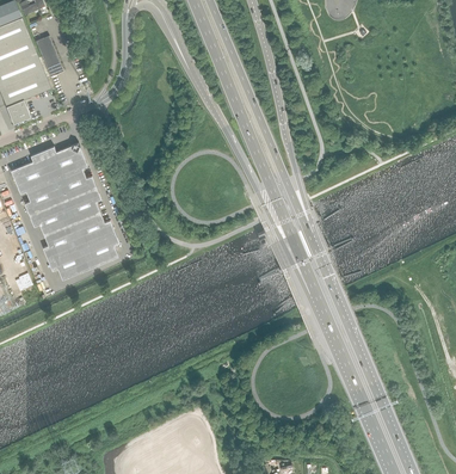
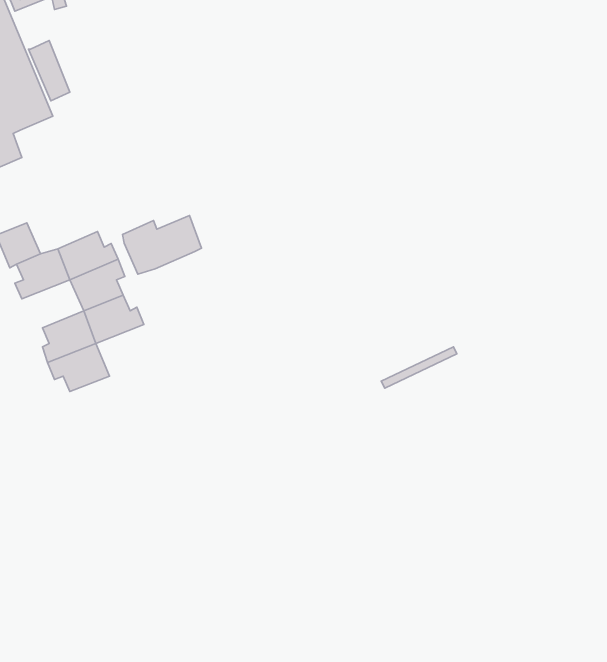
building: [31,142,86,183] -> [123,215,202,274]
building: [29,201,72,234] -> none
building: [80,232,118,267] -> none

